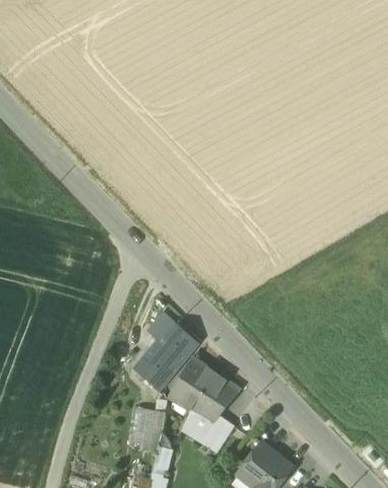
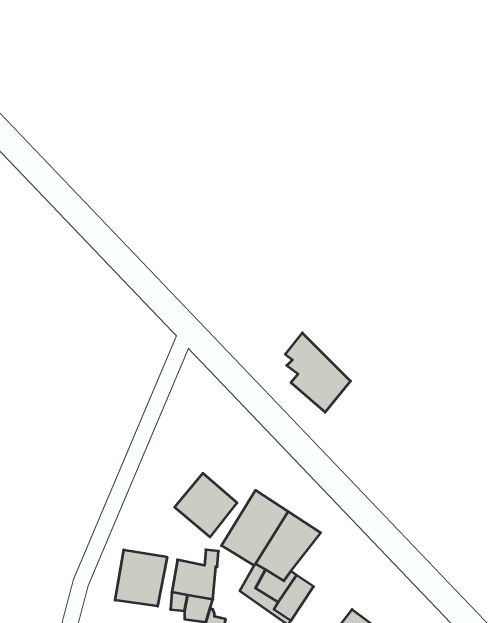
building: [151,310,197,367] -> [285,333,351,412]
building: none -> [115,550,167,606]

